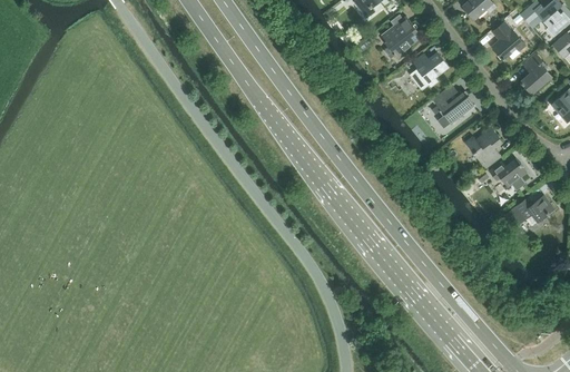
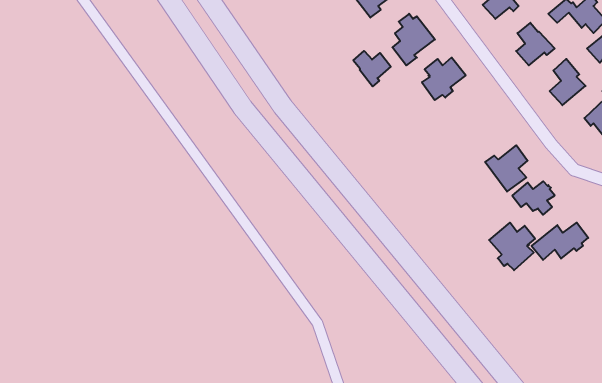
building: none -> [353,51,391,86]
building: [432,84,474,124] -> none
building: none -> [489,223,535,270]

